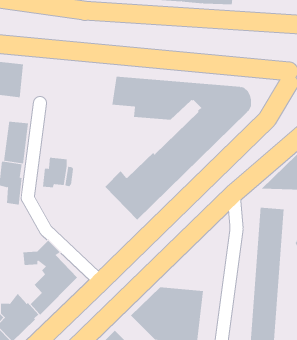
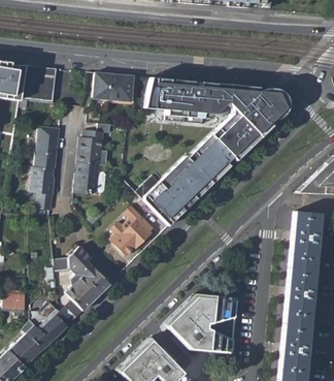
building: none -> [92,73,133,102]
building: none -> [77,122,112,164]
building: none -> [110,204,155,254]

